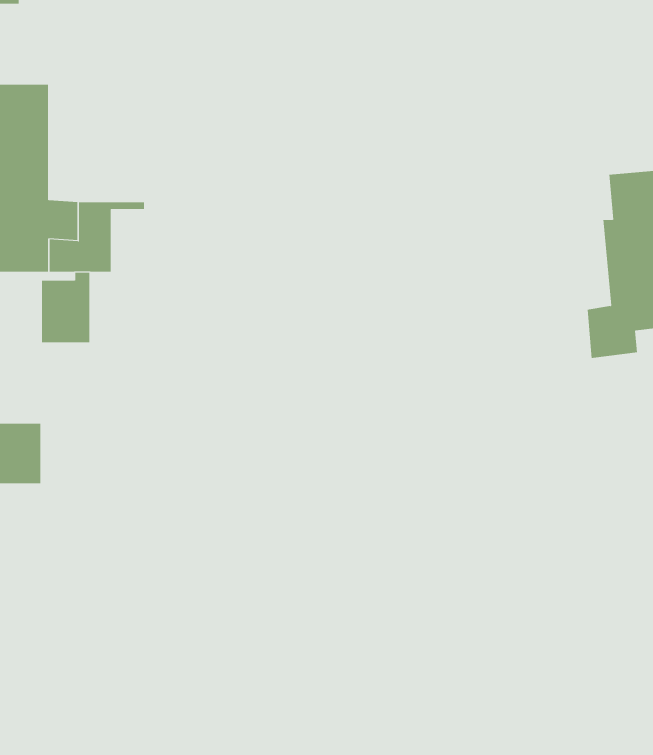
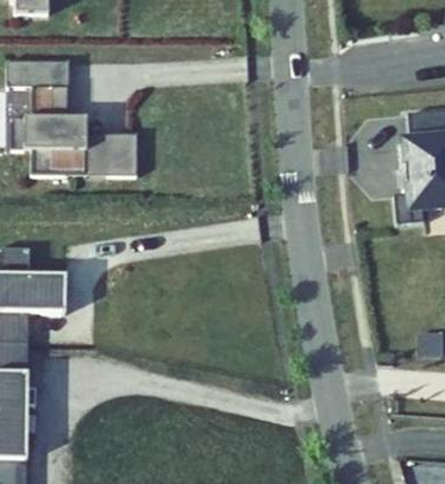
building: [41,272,90,343] -> [107,132,137,175]

